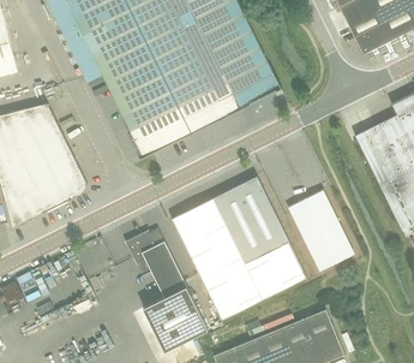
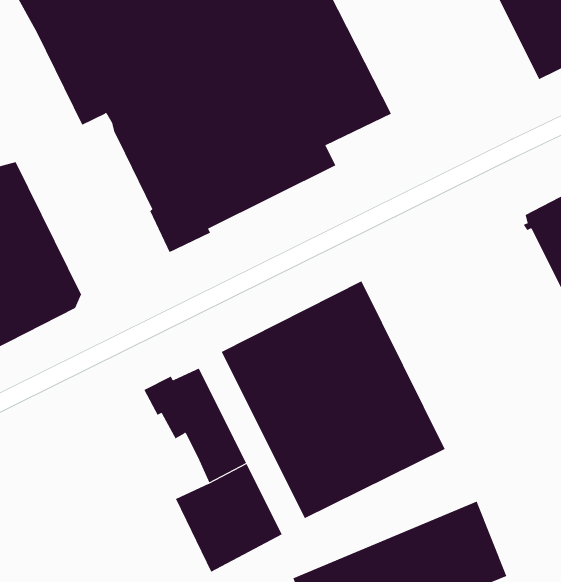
building: [288,190,355,272] -> none

